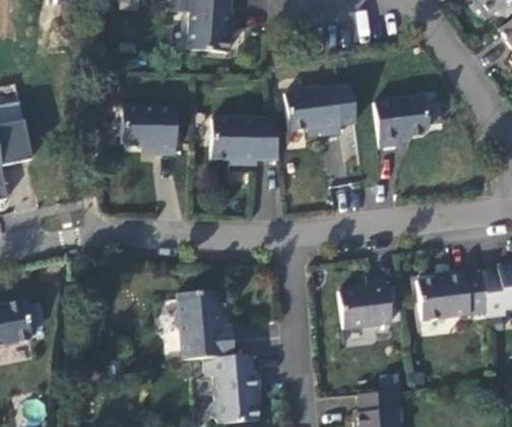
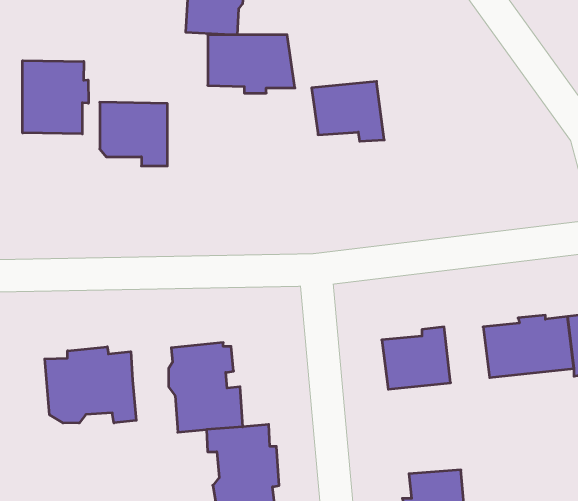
building: none -> [23,61,88,134]
building: [376,95,430,146] -> none
building: [212,117,280,163] -> [208,35,295,93]
building: none -> [45,347,136,423]

